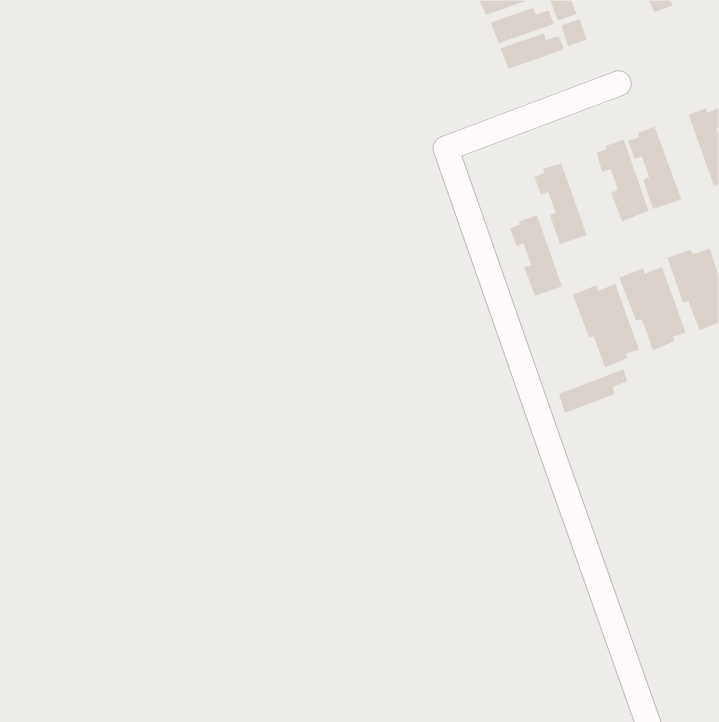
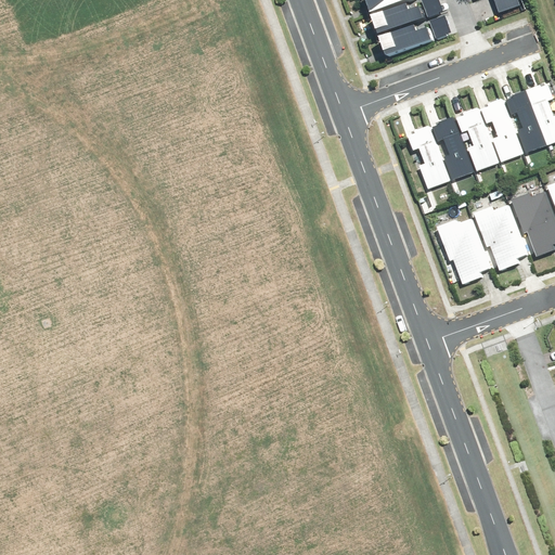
building: none -> [503,90,545,153]
building: [509,214,563,297] -> [433,116,474,179]
building: [558,368,628,414] -> none

